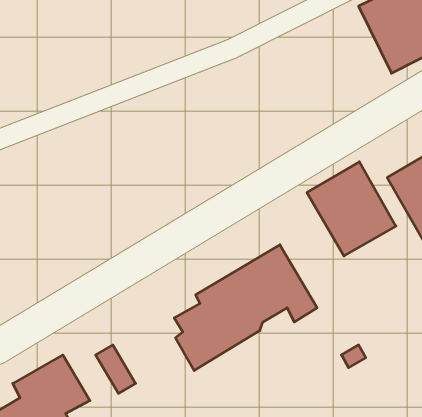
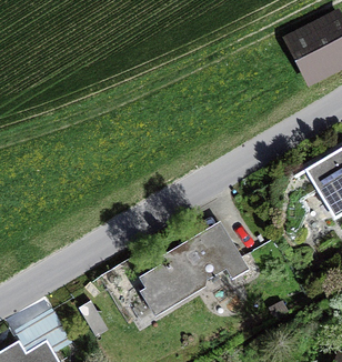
building: [307,162,396,256] -> none

